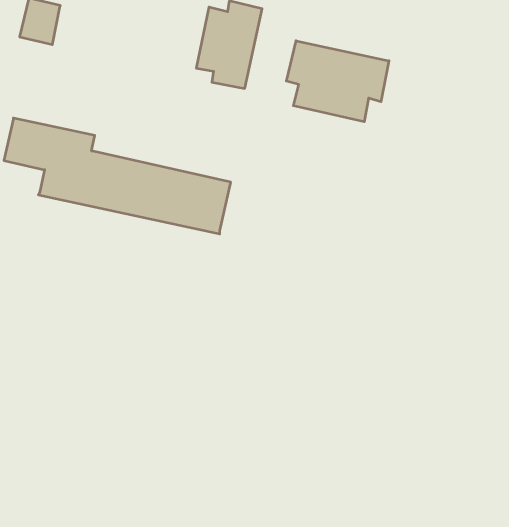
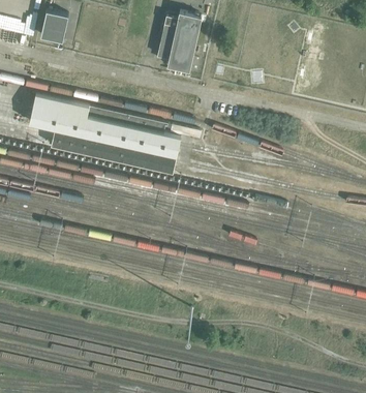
building: [286,41,389,122] -> none

